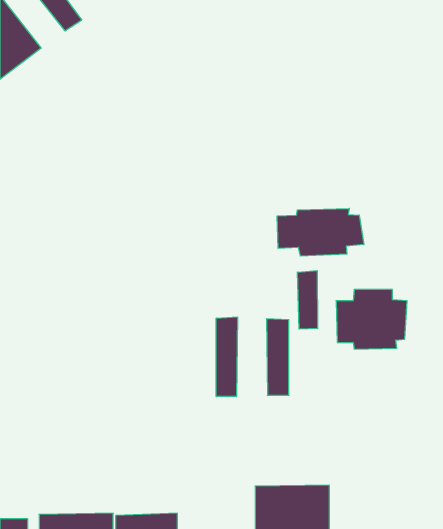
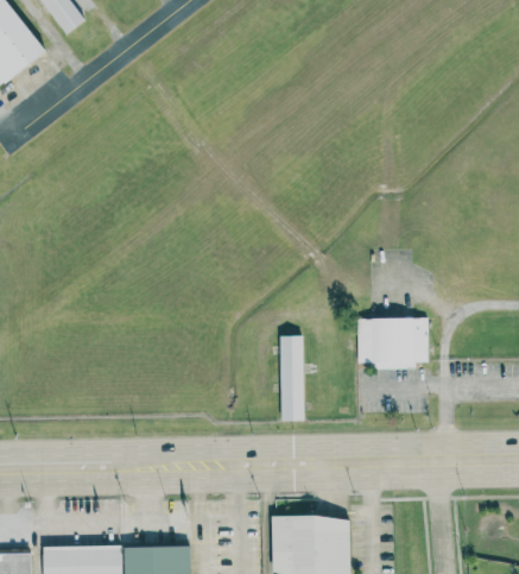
building: [277,208,364,256] -> none
building: [297,271,318,329] -> none
building: [216,317,238,397] -> none

